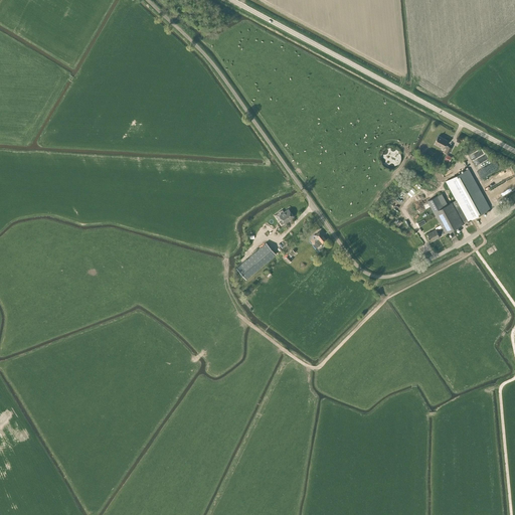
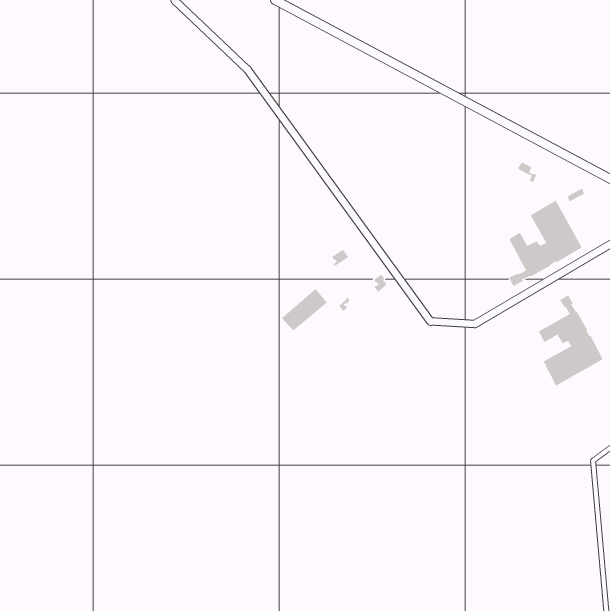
building: none -> [538,294,604,386]

